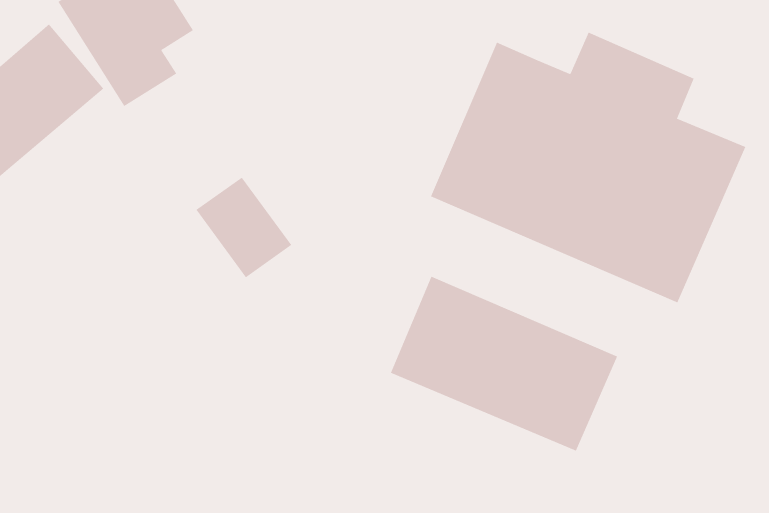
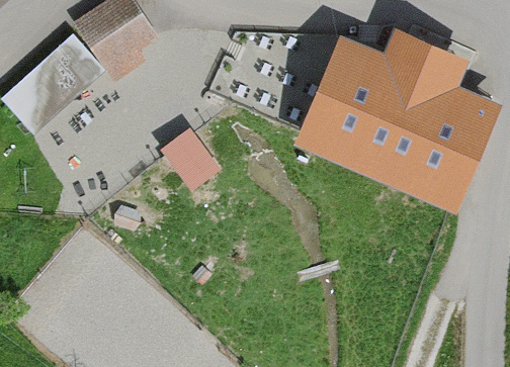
building: [390,276,618,451] -> none

